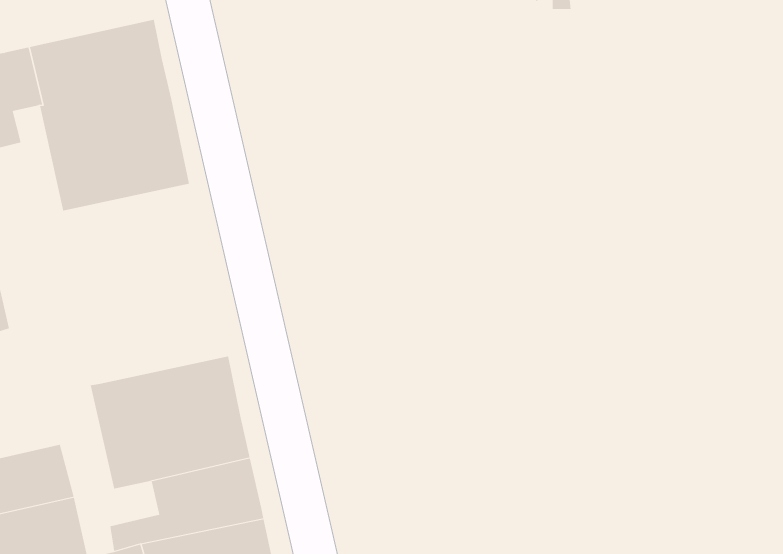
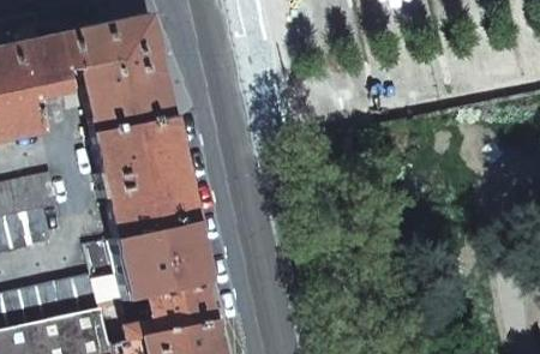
building: none -> [95,114,197,236]

